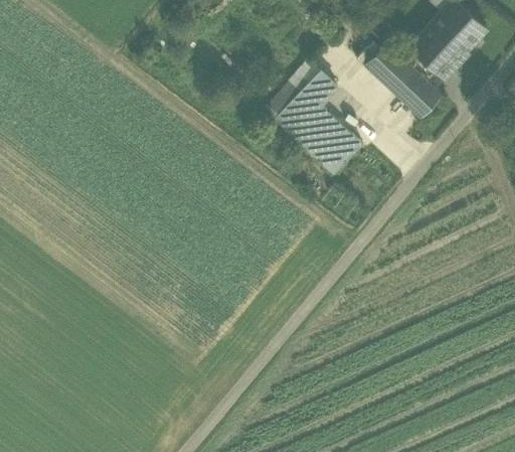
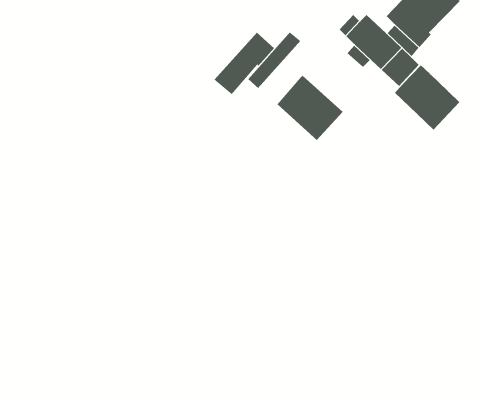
building: [276,70,340,137] -> [213,32,275,95]
building: none -> [394,65,460,130]

